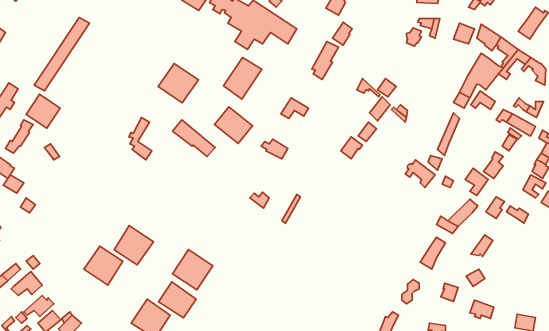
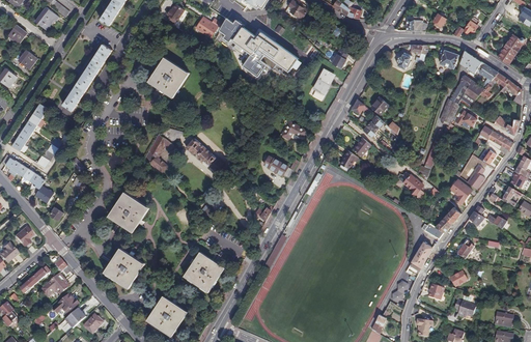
building: [224,57,262,99] -> none
building: [158,64,198,103] -> [151,59,188,94]
building: [26,94,60,128] -> none
building: [215,107,253,144] -> none
building: [114,226,153,265] -> [111,194,146,229]
building: [159,282,196,318] -> none

